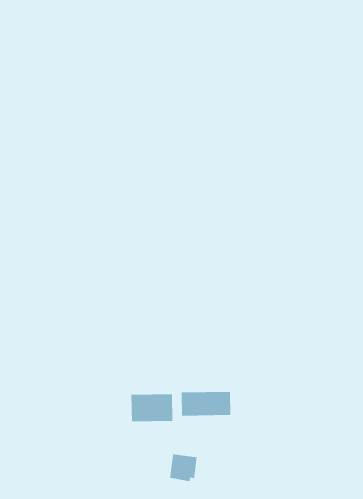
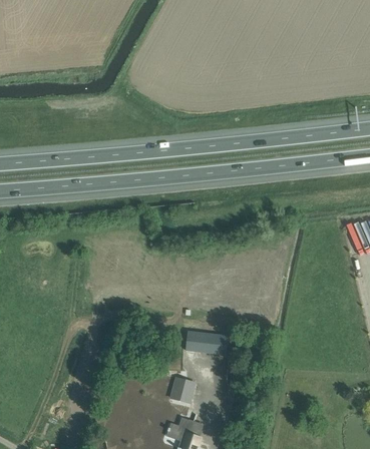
building: [131,393,173,422] -> none

